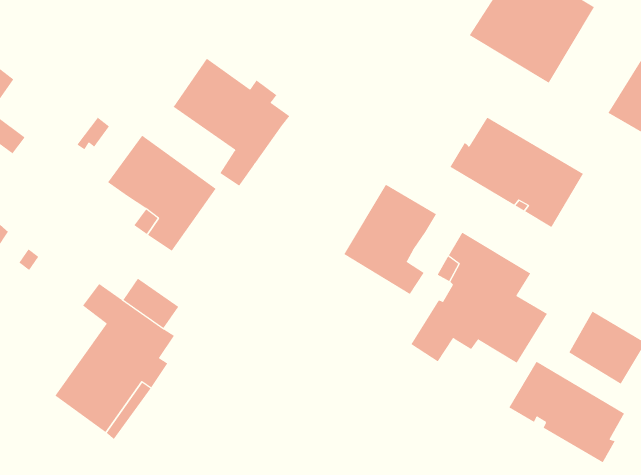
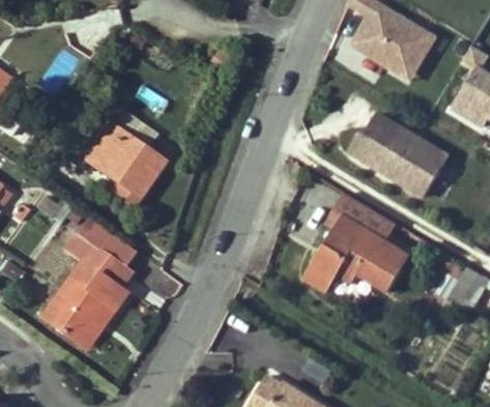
building: [173,58,290,187] -> none
building: [344,184,437,295] -> none
building: [509,361,625,463] -> none

